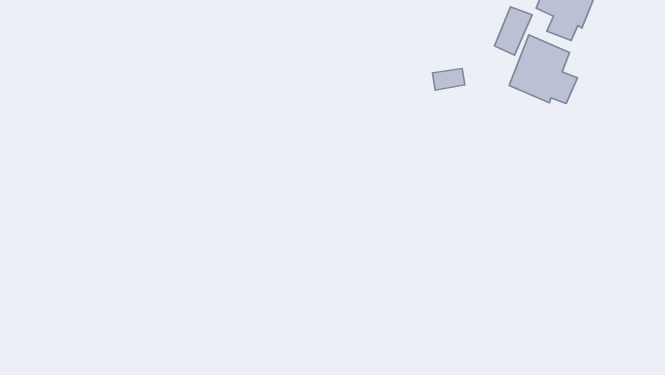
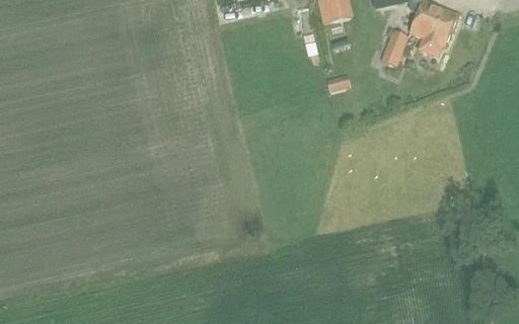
building: [509,35,578,104] -> none

